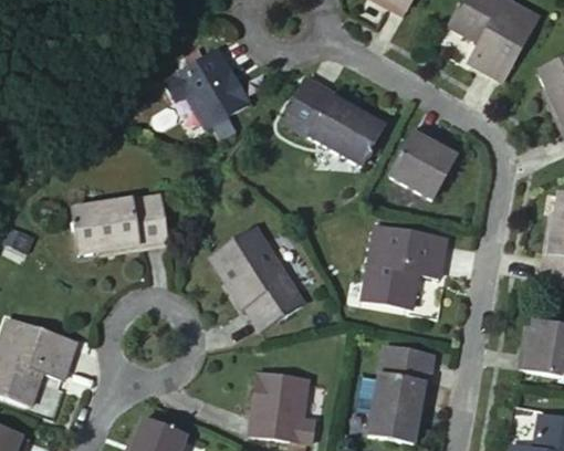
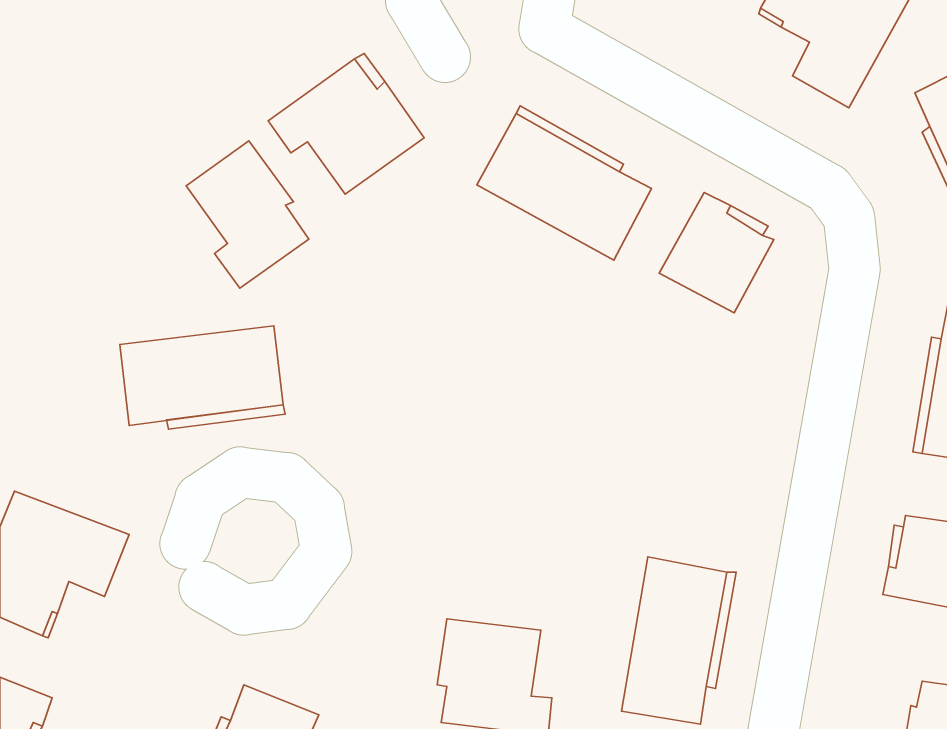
building: none -> [186,141,309,288]
building: [362,224,446,305] -> none
building: [203,237,294,338] -> none

